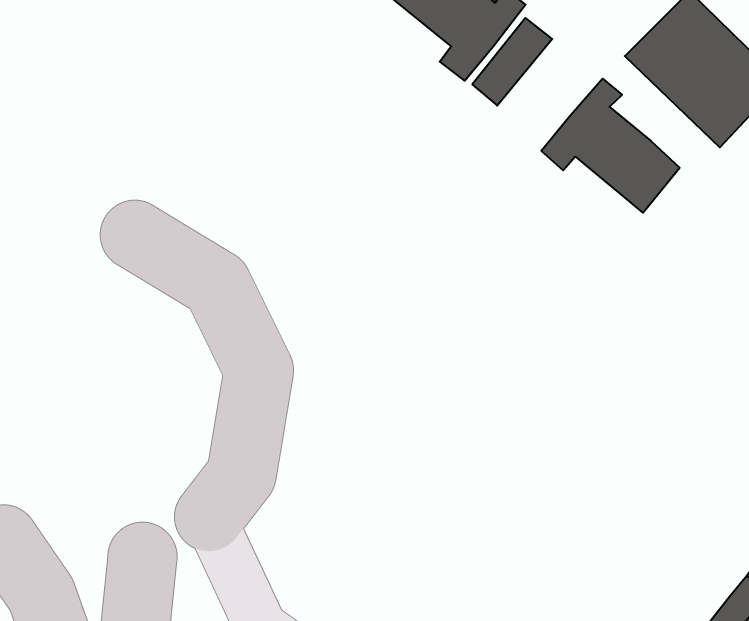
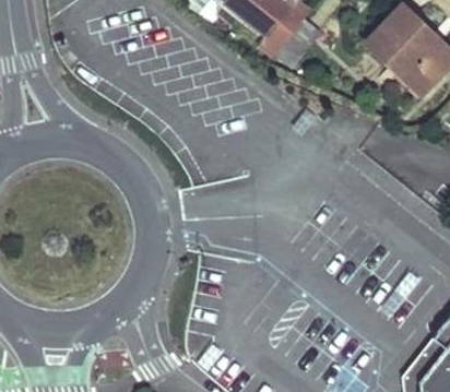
building: [541,79,680,213] -> none

